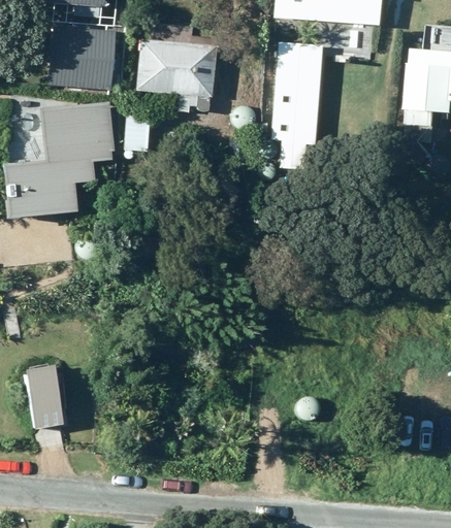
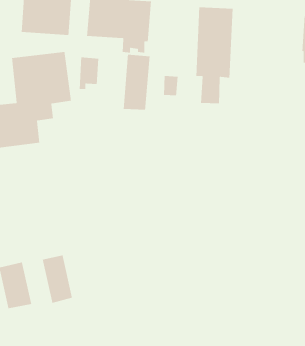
building: none -> [123,54,150,111]
building: none -> [42,255,73,304]

